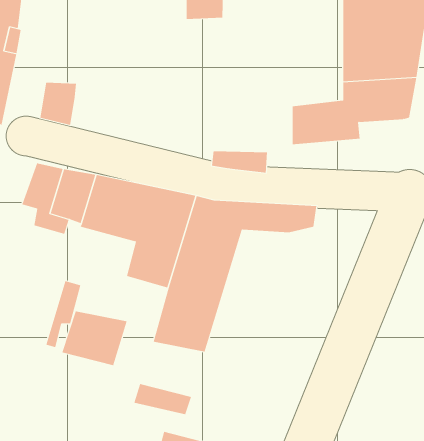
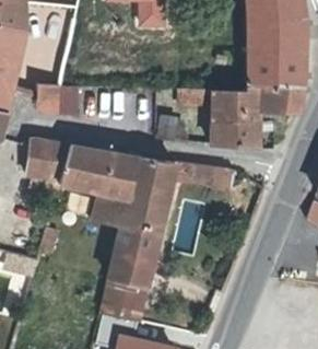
building: none -> [215,118,267,143]
building: [62,311,127,366] -> [104,267,152,307]

